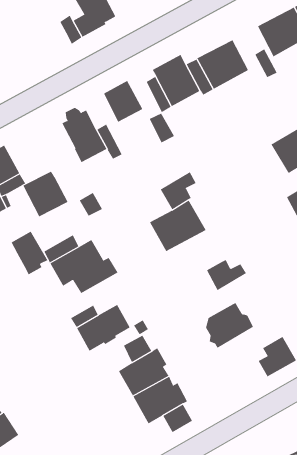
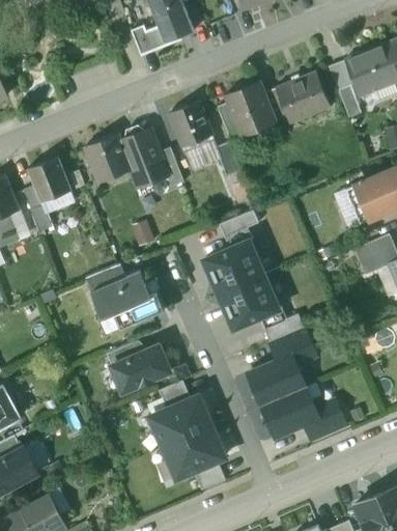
building: [23,171,69,217] -> [85,134,133,183]
building: none -> [219,275,280,330]
building: [11,231,48,275] -> none
building: none -> [270,327,316,366]
building: none -> [262,386,315,432]

